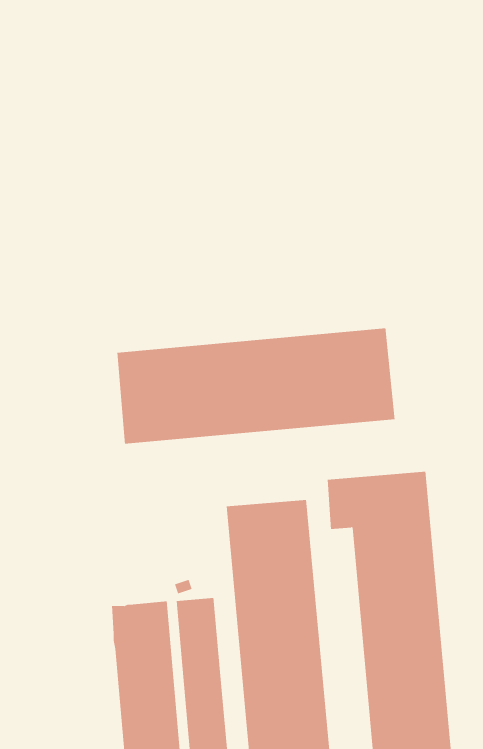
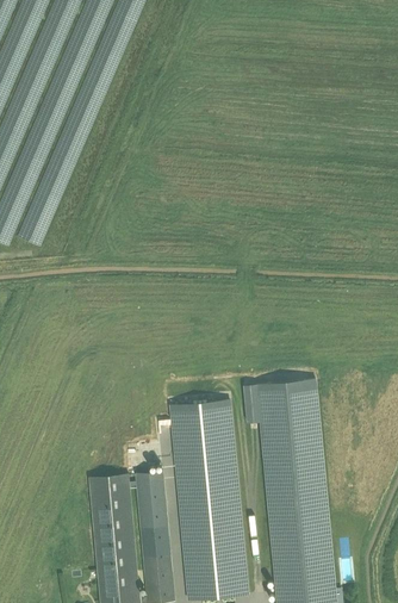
building: [117,328,395,445] -> none

